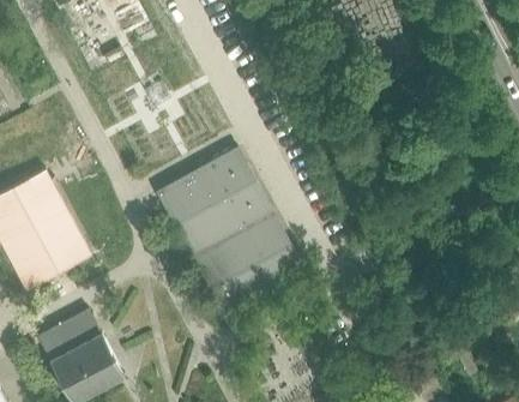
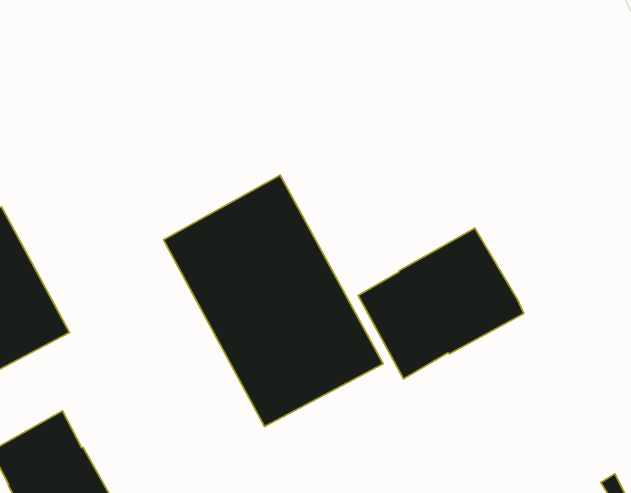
building: none -> [358,228,524,379]

